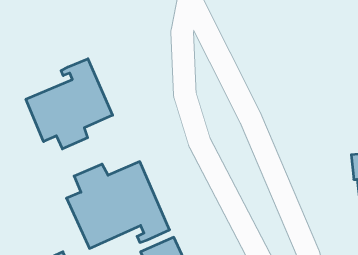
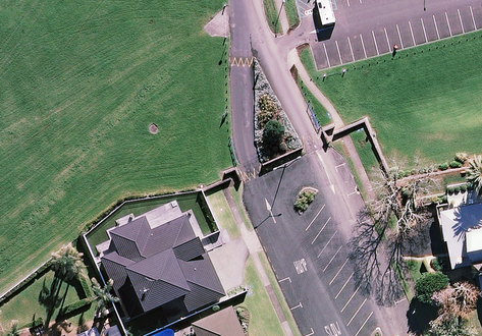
building: [26,59,113,149] -> none

